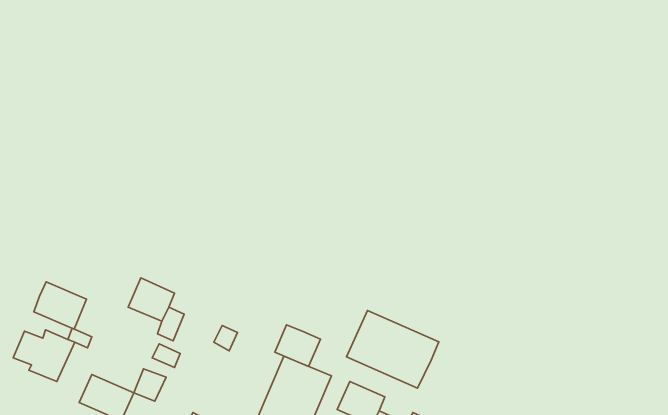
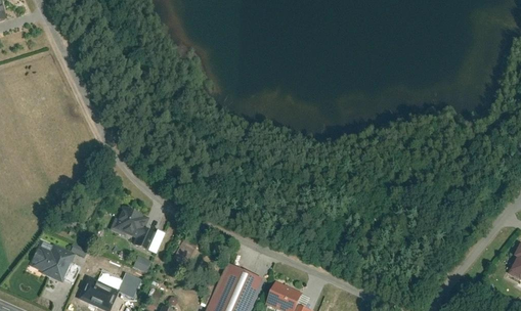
building: [34,282,86,329] -> none
building: [346,311,439,388] -> none
building: [275,325,320,367] -> none

